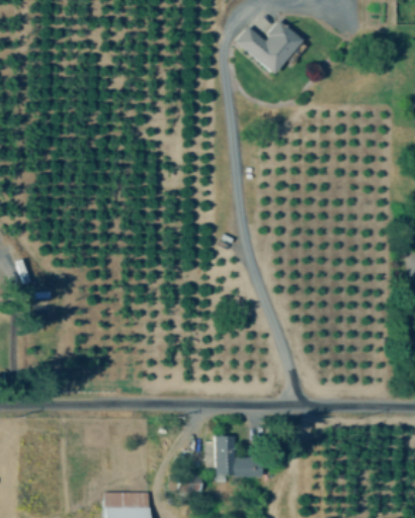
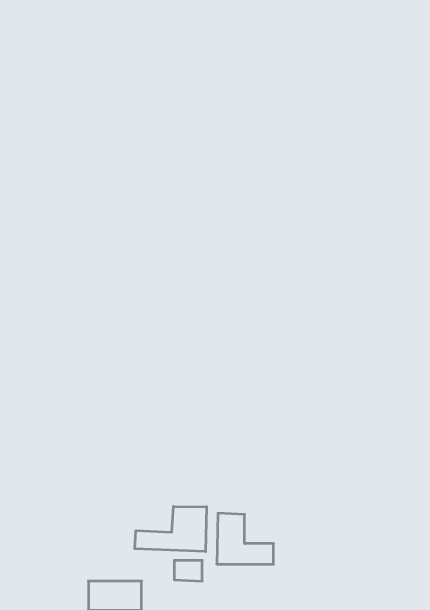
building: [235,21,302,74] -> none
building: none -> [135,506,207,552]

